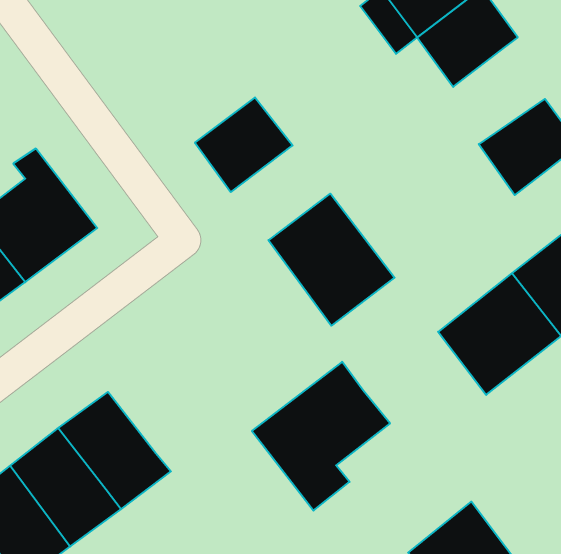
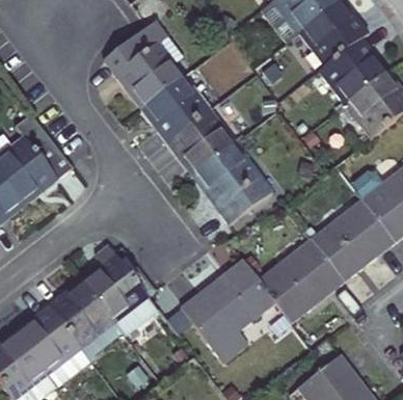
building: none -> [110,25,185,107]
building: none -> [315,41,385,108]
building: none -> [168,109,237,175]
building: none -> [260,238,345,322]
building: none -> [83,243,161,335]

